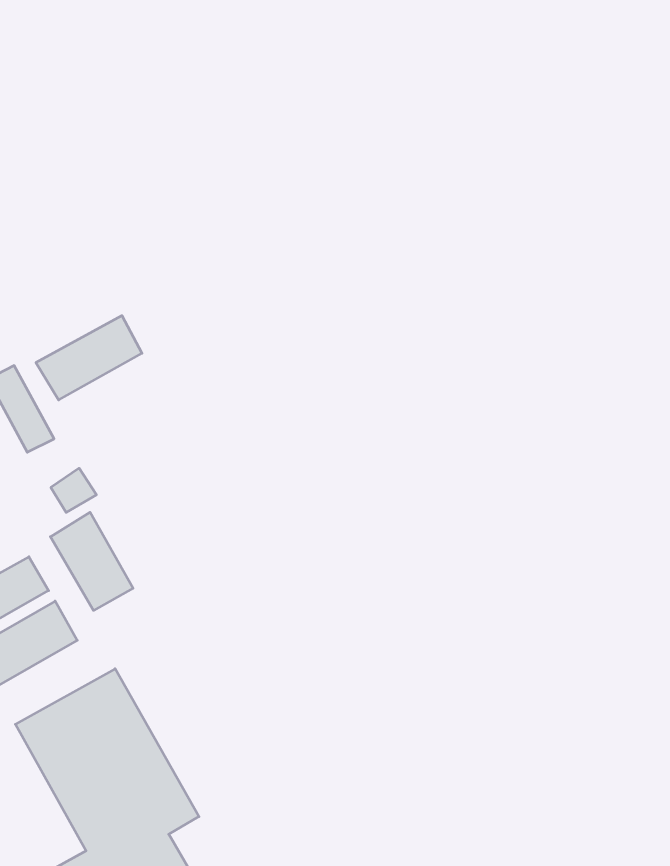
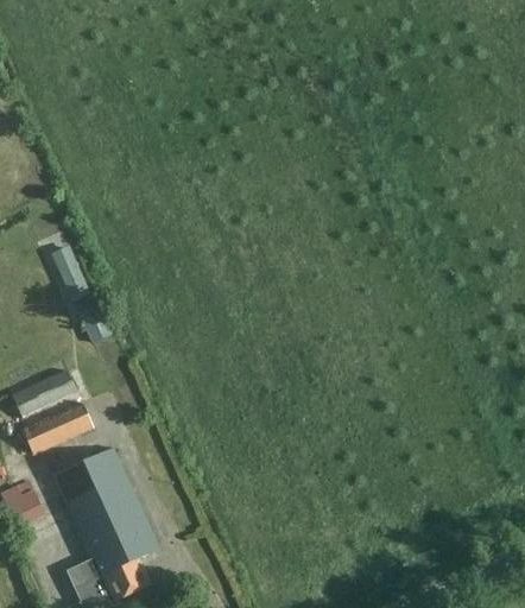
building: [36,316,142,400] -> none
building: [50,512,133,610] -> none

